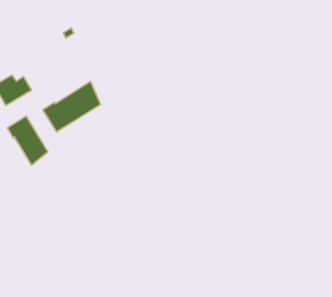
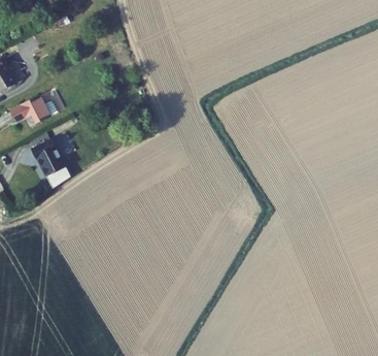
building: [43,82,101,132] -> none

